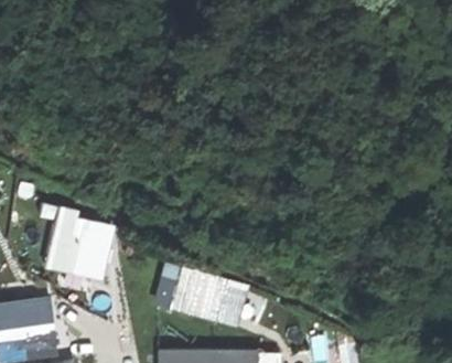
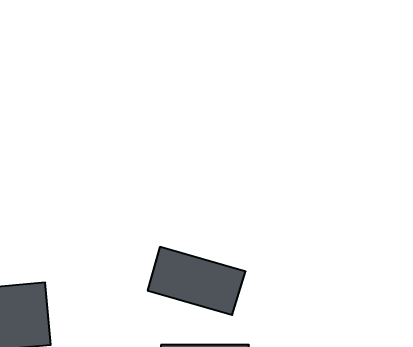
building: [44,209,115,280] -> none

